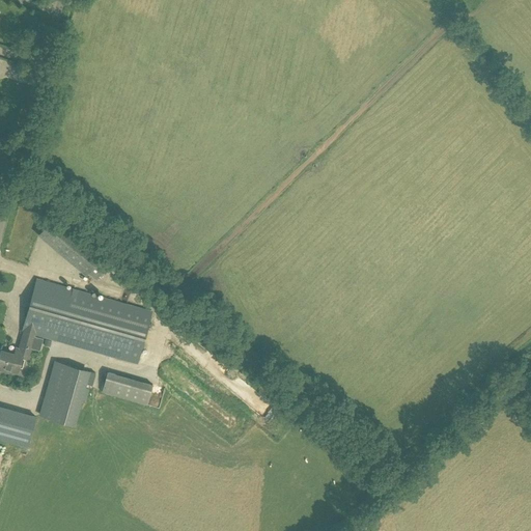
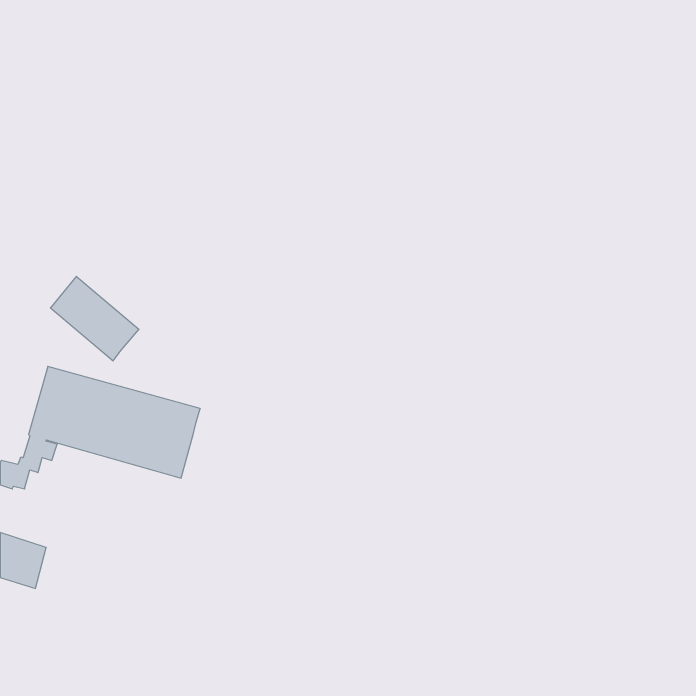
building: [40,362,88,424] -> none
building: [102,371,153,404] -> none

